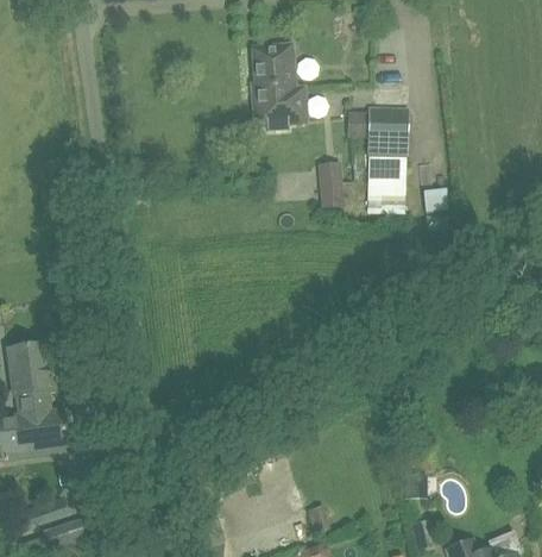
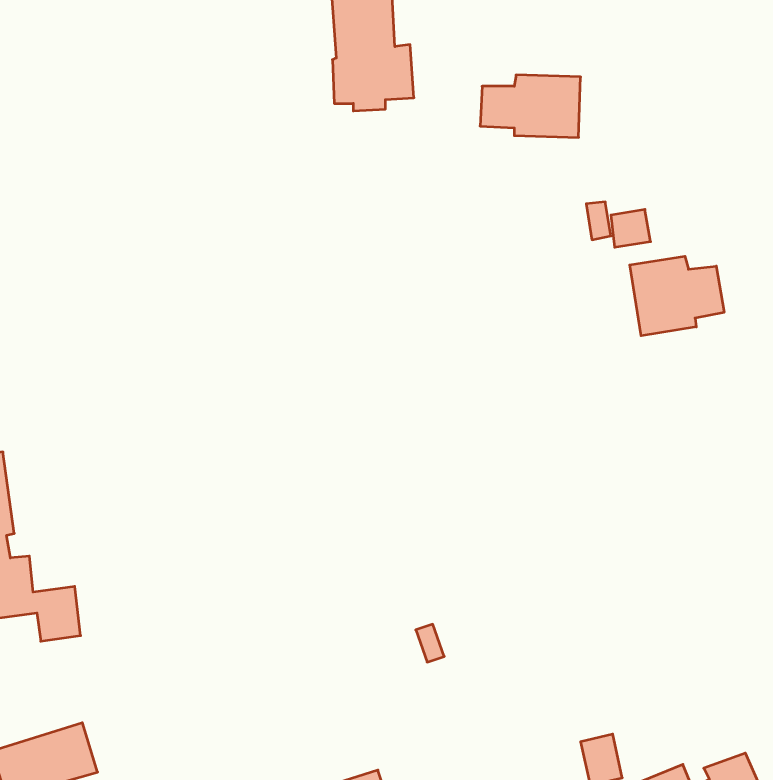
building: [367,144,406,186] -> none
building: [317,162,342,207] -> none
building: none -> [630,256,724,336]

